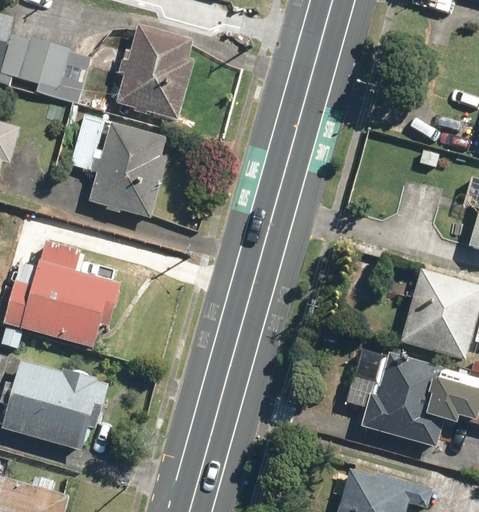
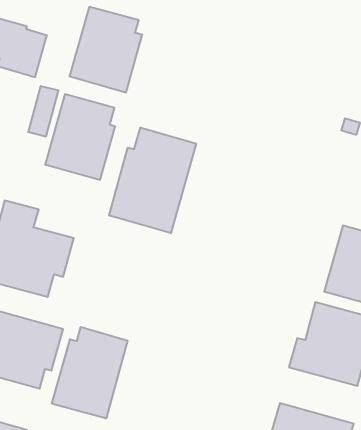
building: none -> [109,127,196,233]
building: none -> [52,327,128,419]

